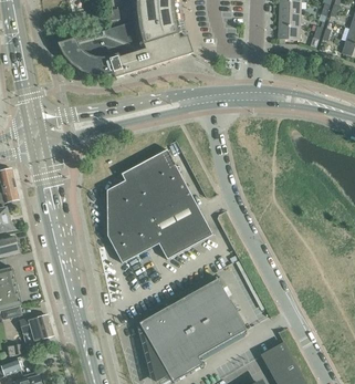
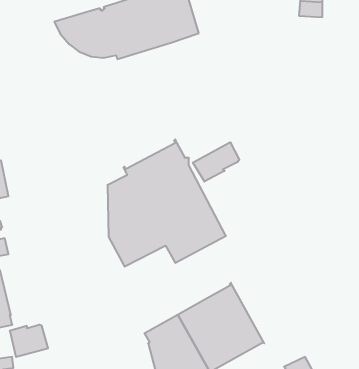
building: none -> [193,142,239,182]

